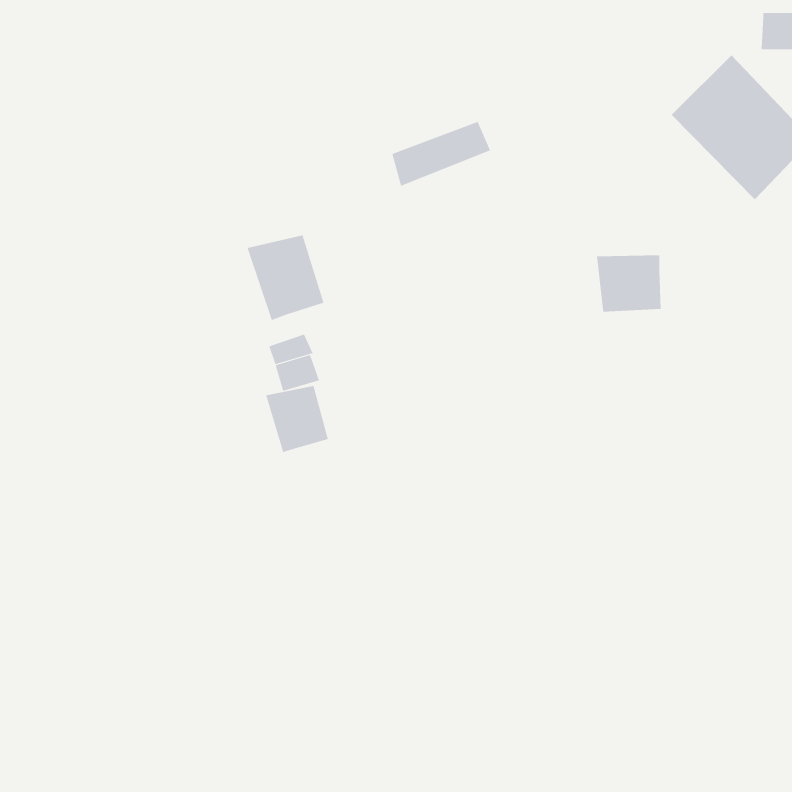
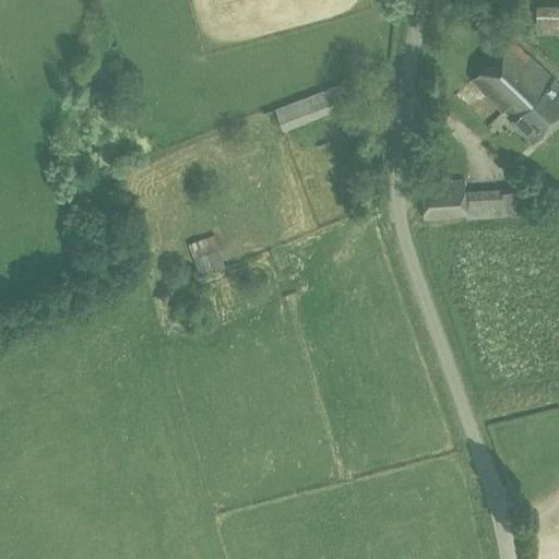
building: [247,235,324,321] -> none
building: none -> [465,190,534,219]
building: [266,385,329,453] -> none

